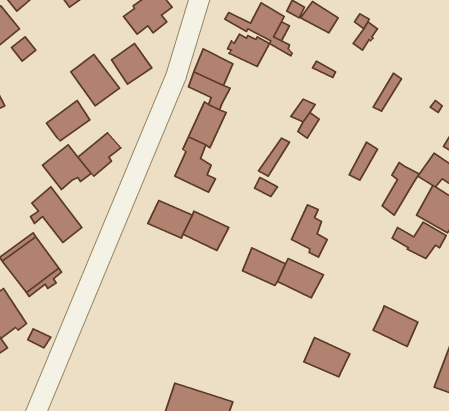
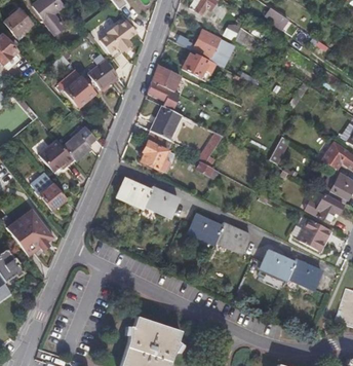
building: [47,100,90,141] -> none
building: [382,163,419,215] -> none
building: [291,205,327,257] -> none
building: none -> [298,219,331,251]
building: [304,337,350,377] -> [261,250,296,280]

